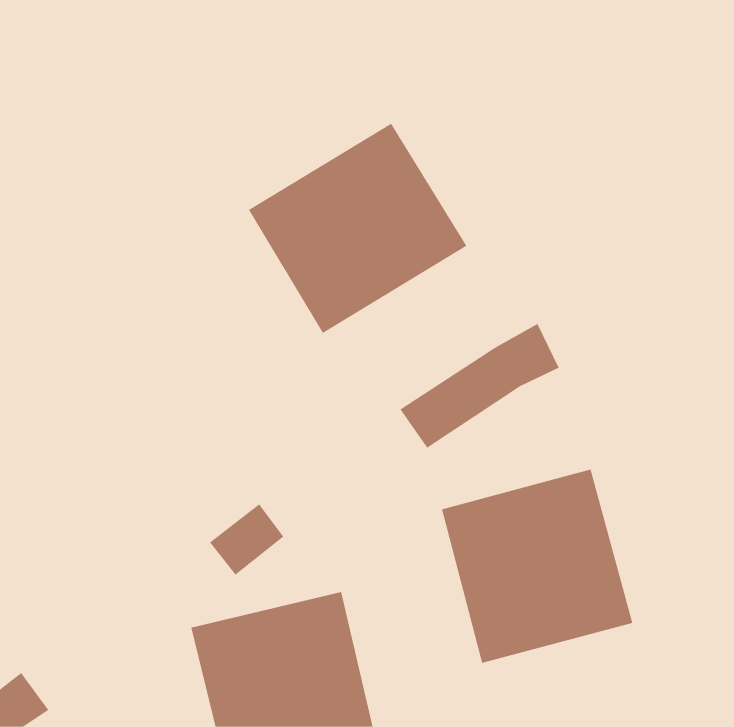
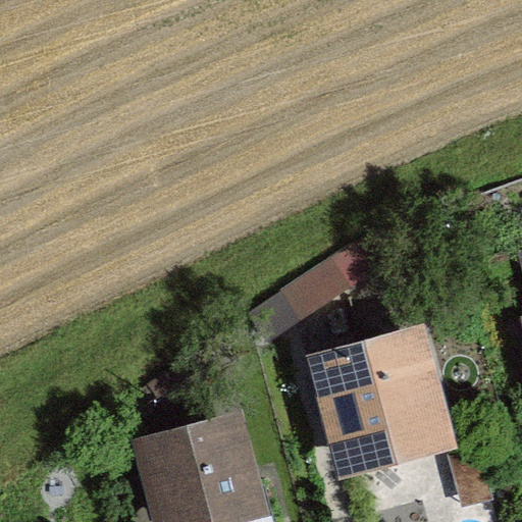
building: [248,123,467,334] -> none

